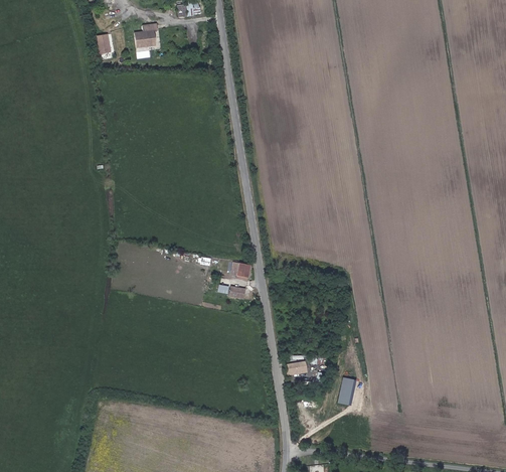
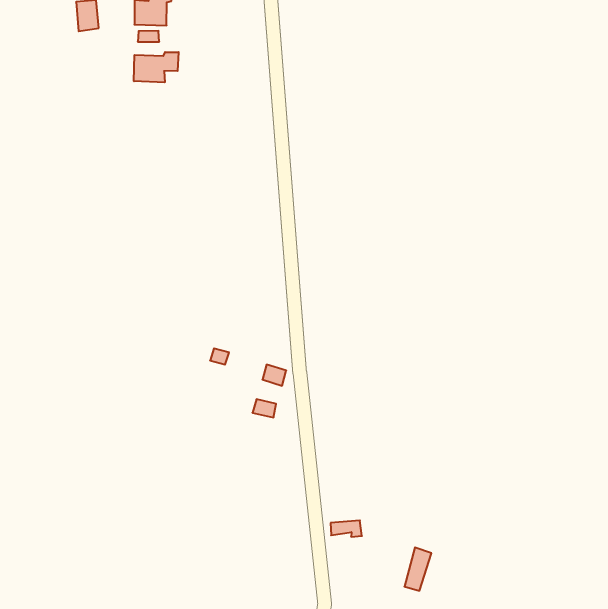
building: none -> [134,52,179,82]

